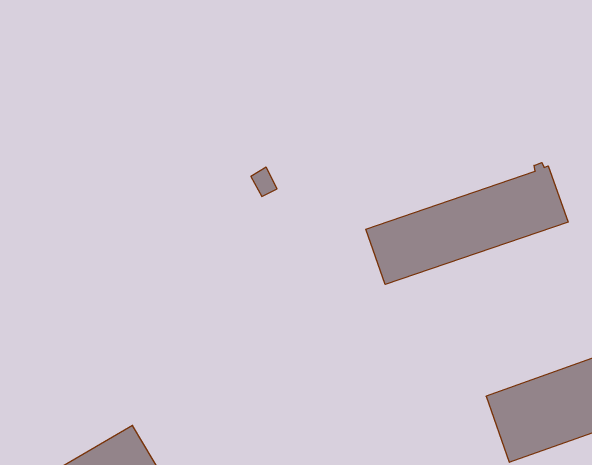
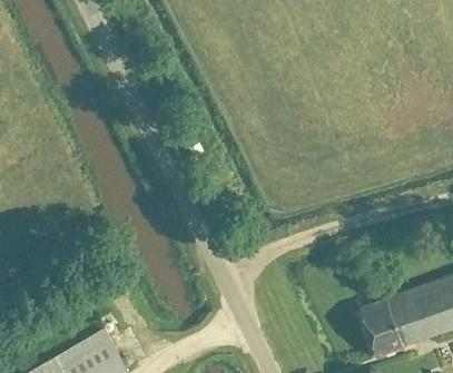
building: [366,163,568,284] -> none

